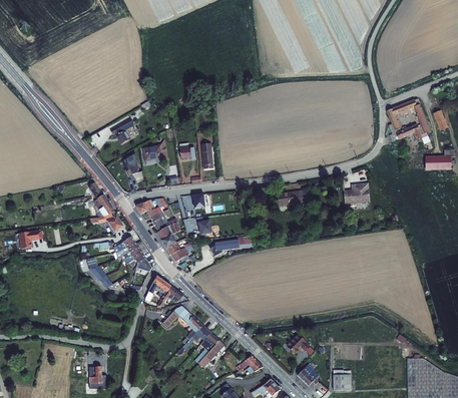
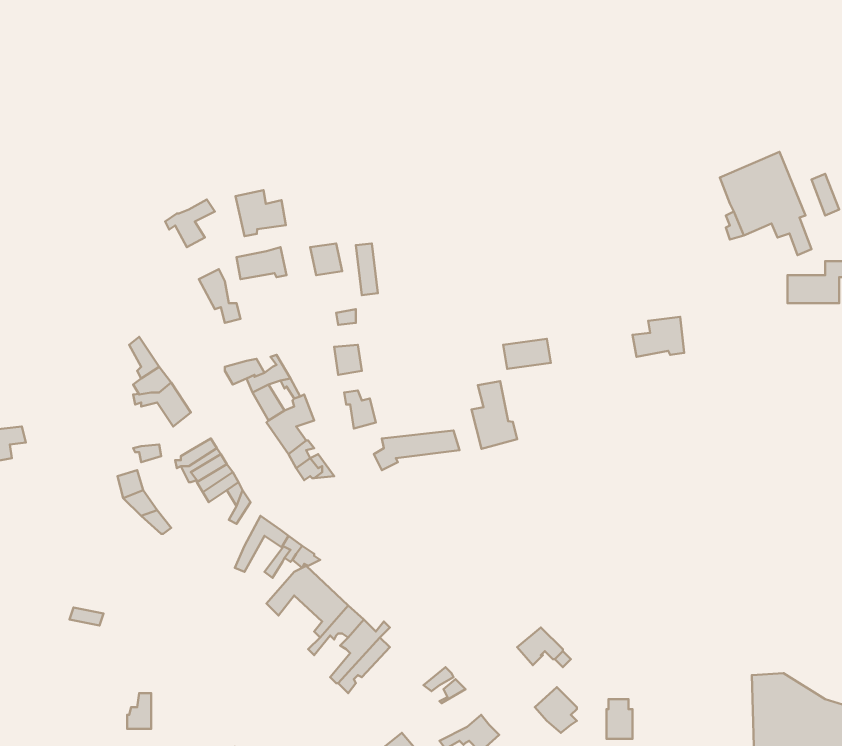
building: none -> [235,190,286,236]
building: none -> [471,381,517,449]

